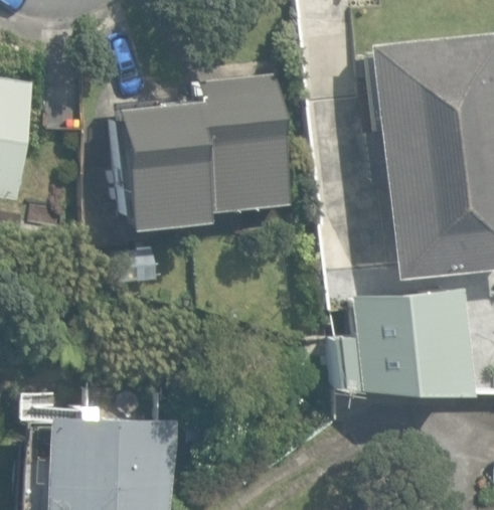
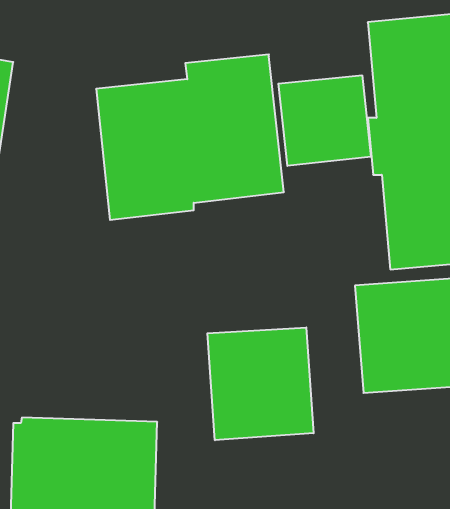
building: none -> [278,75,371,166]
building: none -> [207,327,314,440]

